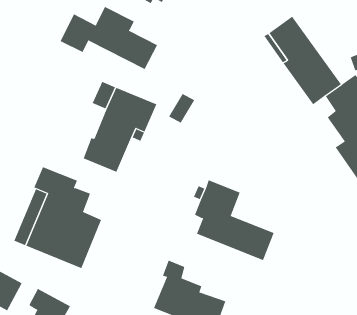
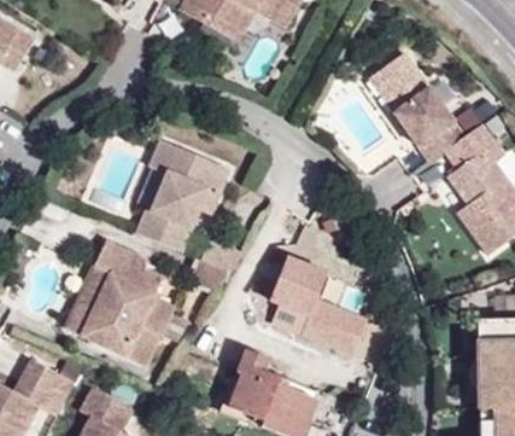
building: [60,6,158,70] -> none

